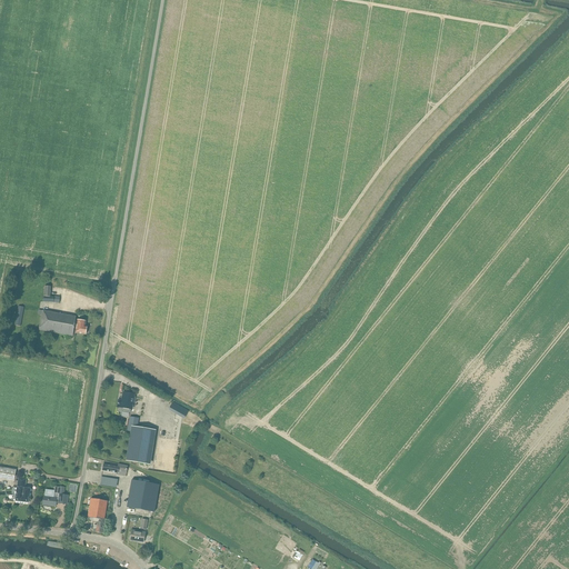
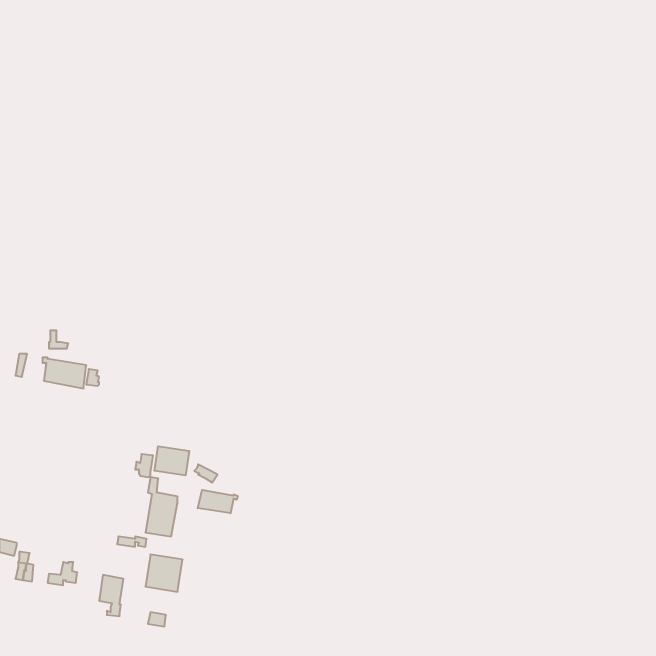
building: none -> [154,446,189,475]
building: none -> [198,490,238,513]

